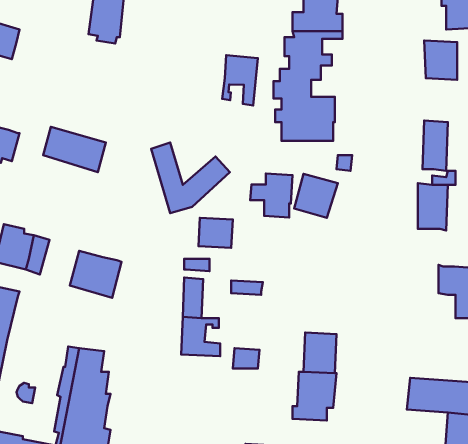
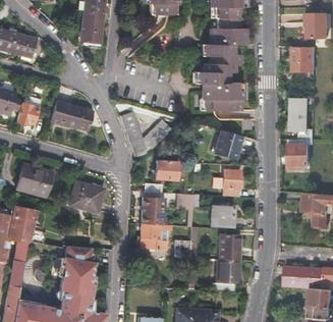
building: [222,55,258,106] -> none
building: [250,174,292,217] -> [215,172,242,201]
building: none -> [211,209,233,229]

